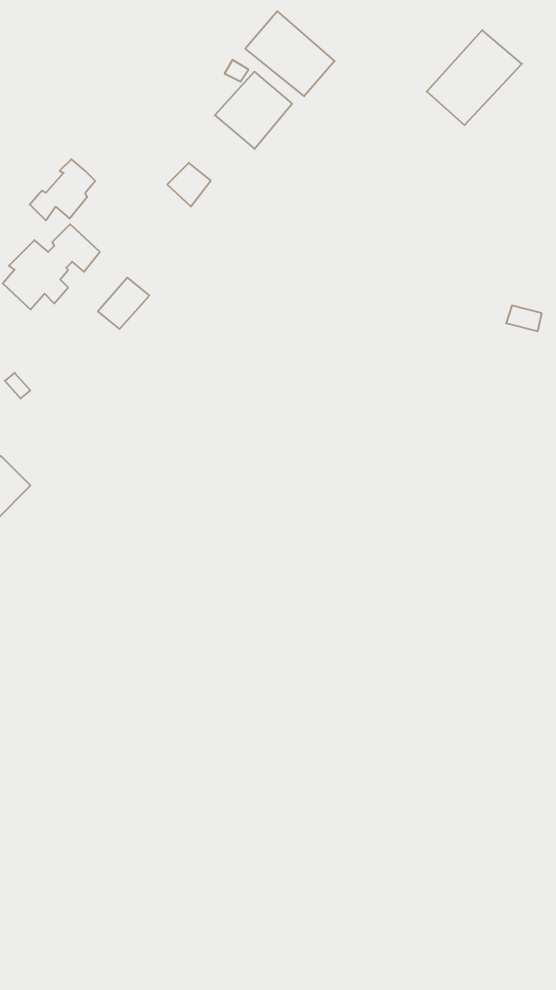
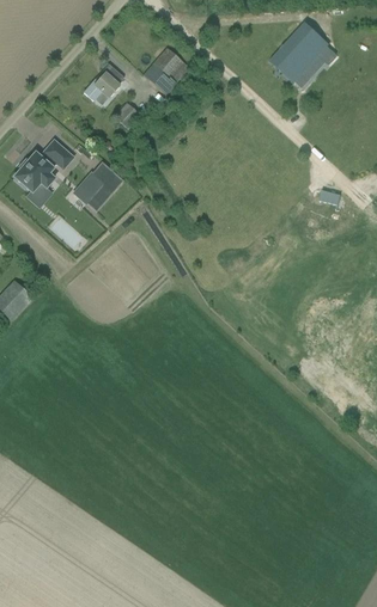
building: [245,11,335,96] -> none
building: [30,159,95,220] -> [85,63,124,100]

